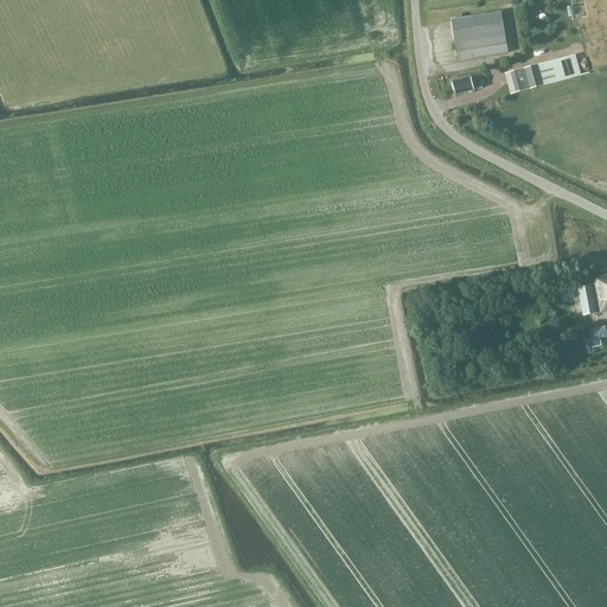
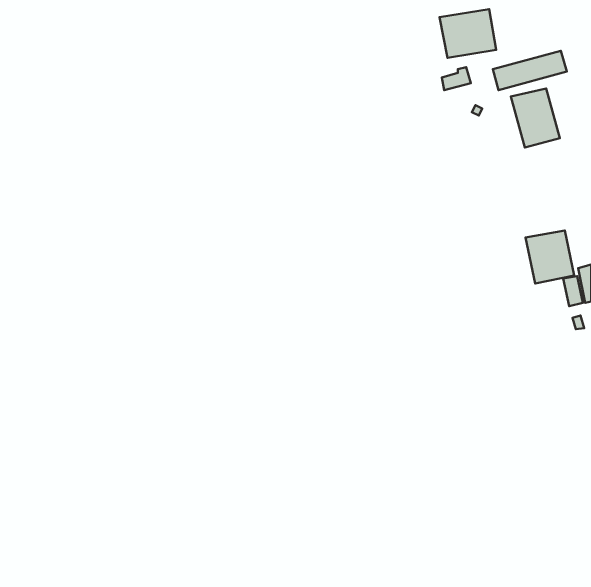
building: none -> [511,88,560,147]
building: none -> [525,231,574,284]

